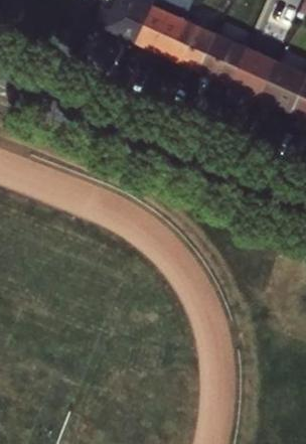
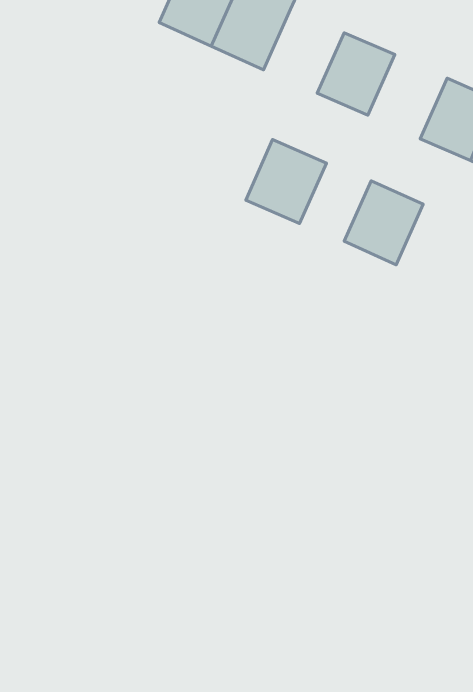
building: [167,20,215,70] -> [246,139,327,224]
building: [230,47,277,98] -> [344,181,423,265]

